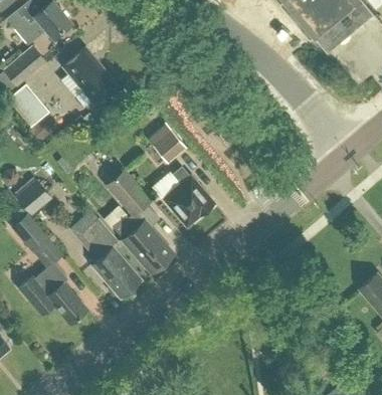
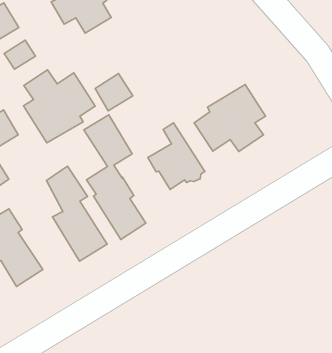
building: none -> [194,84,265,152]
building: [150,130,183,163] -> [95,74,133,111]
building: none -> [24,70,95,143]

